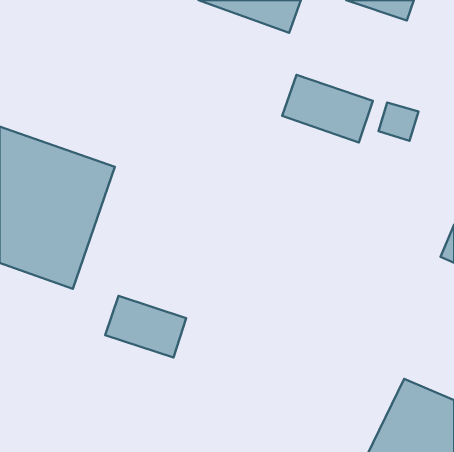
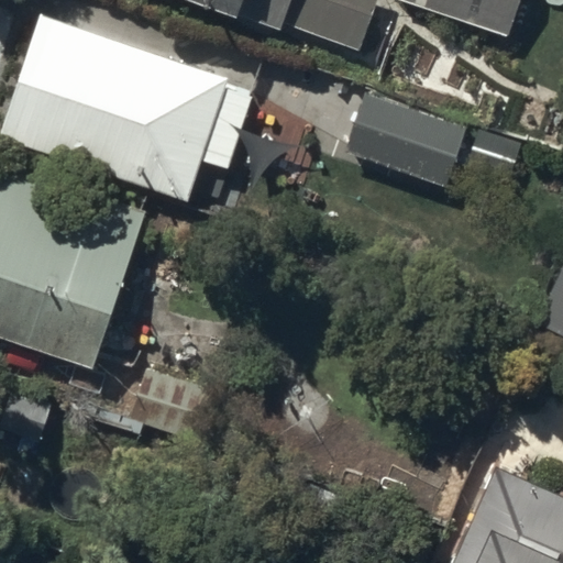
building: none -> [7,24,249,192]

